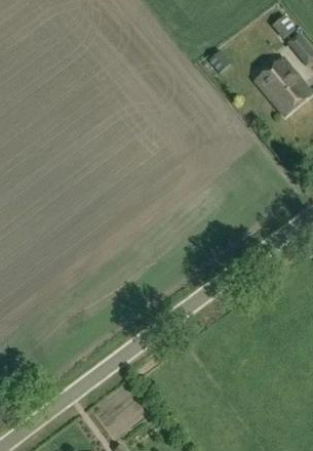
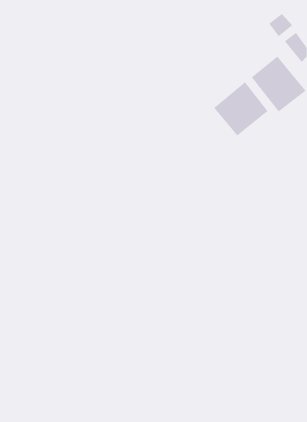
building: none -> [213,81,269,137]

